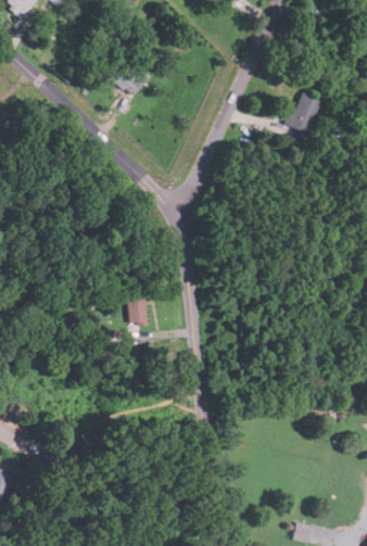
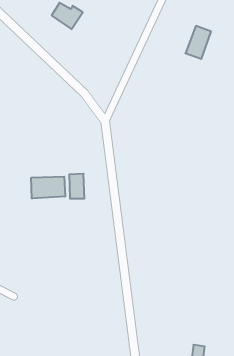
building: none -> [31,177,65,199]

